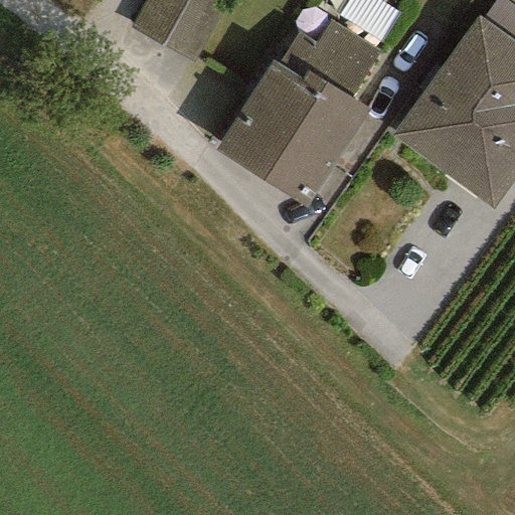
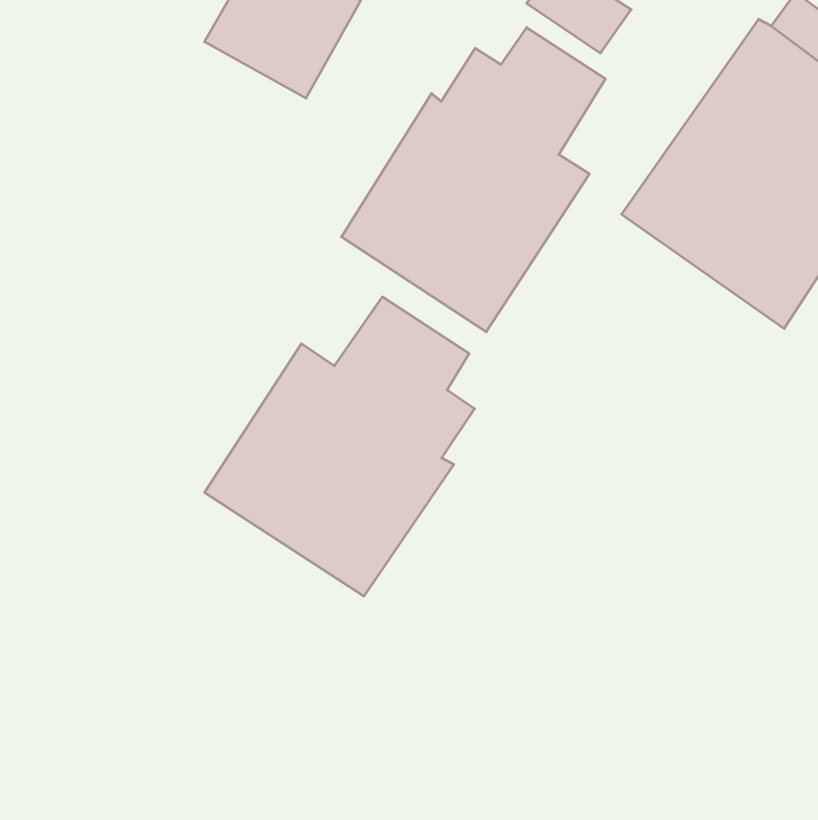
building: none -> [205,297,475,596]

